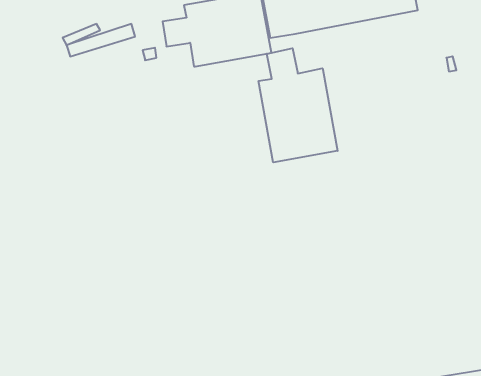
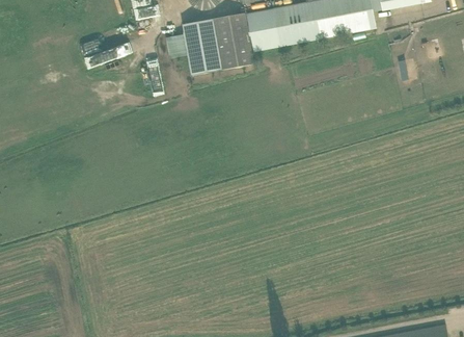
building: [259,48,338,162] -> none

